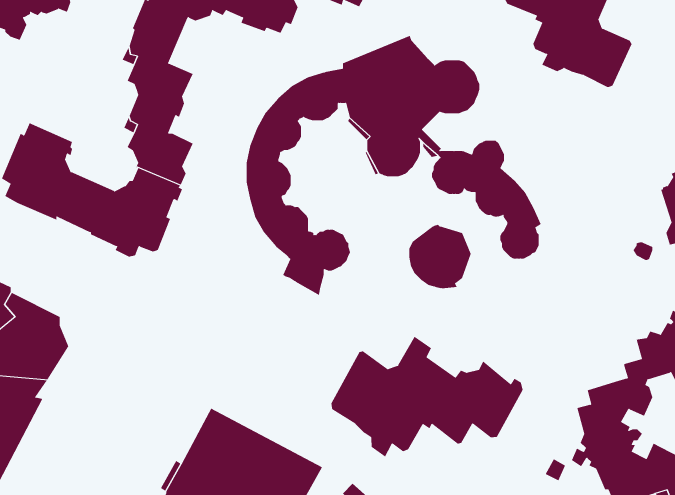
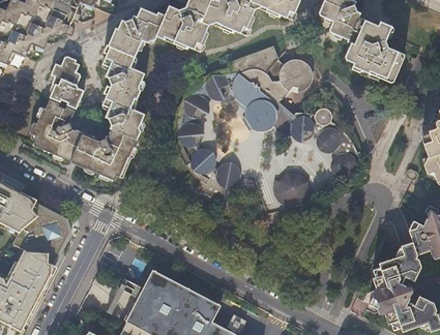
building: none -> [49,56,82,105]
building: [331,336,523,458] -> none

